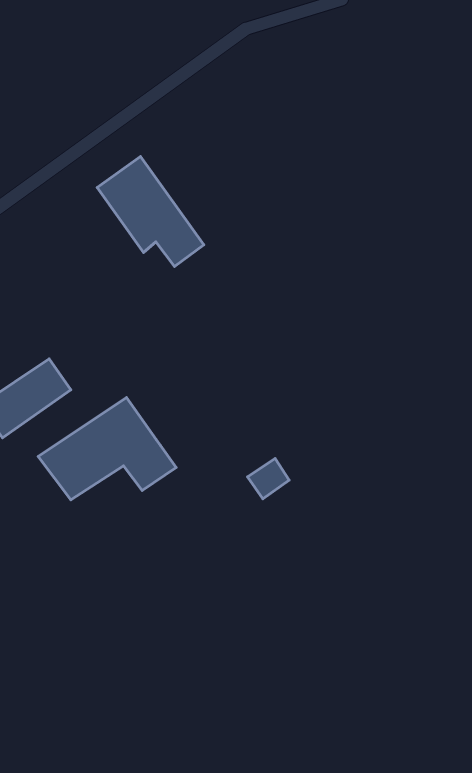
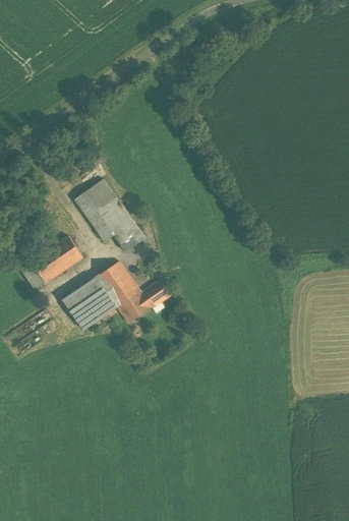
building: [97,157,204,267] -> [74,179,144,251]
building: [247,458,289,499] -> [141,281,169,307]

